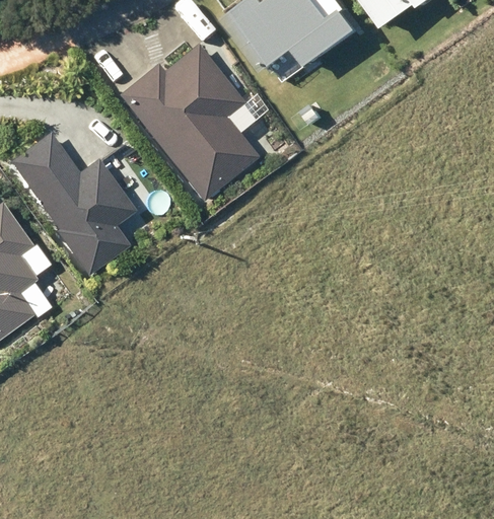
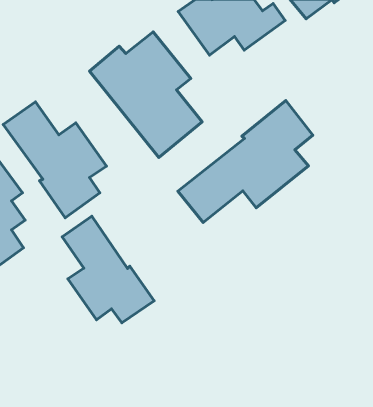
building: none -> [178,100,313,223]
building: none -> [62,216,154,323]

